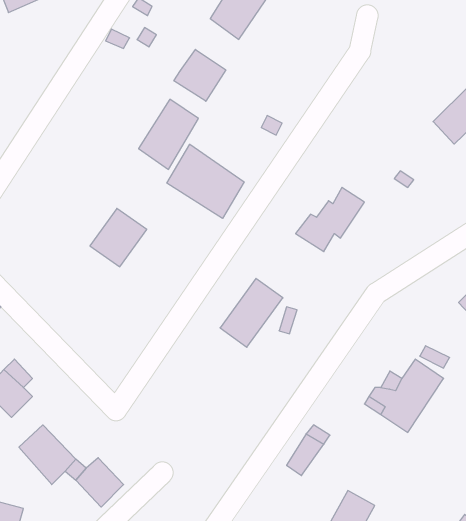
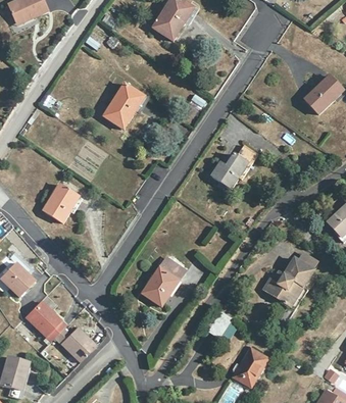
building: [174,49,226,101] -> none
building: [167,144,244,218] -> none
building: [90,208,147,267] -> [44,184,83,223]
building: [220,278,283,347] -> [143,259,186,306]

